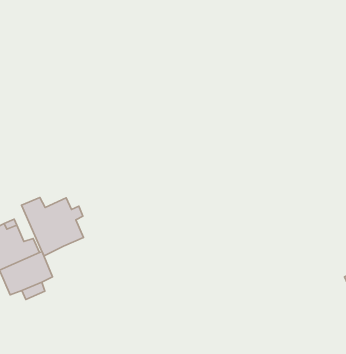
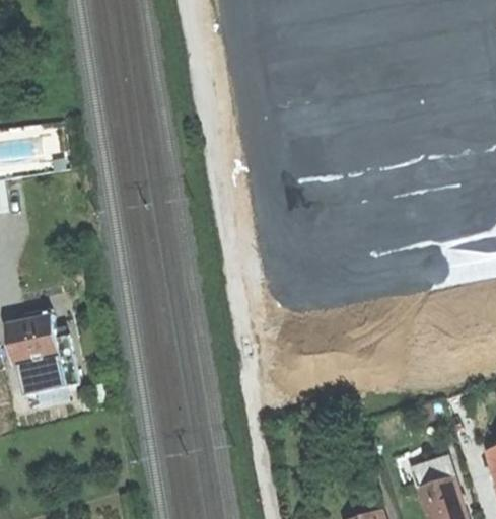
building: [22,198,83,256] -> none

